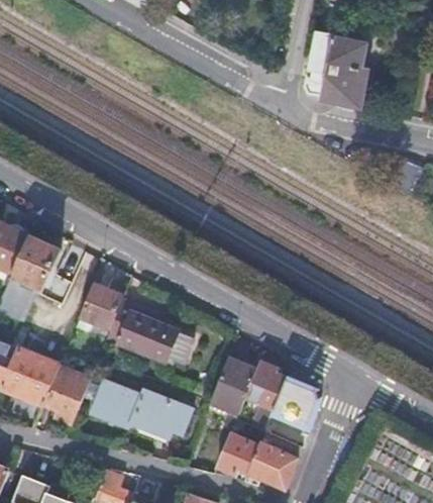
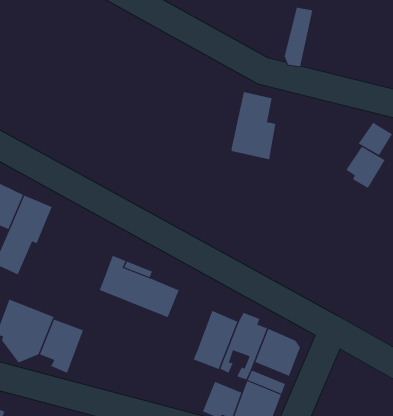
building: [322,36,370,109] -> [231,92,276,160]
building: none -> [346,146,385,189]
building: [79,268,123,327] -> none
building: [91,385,195,436] -> none

